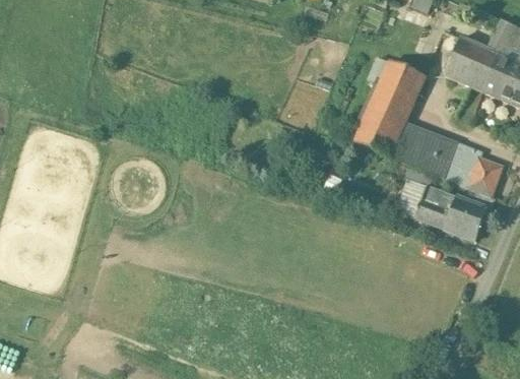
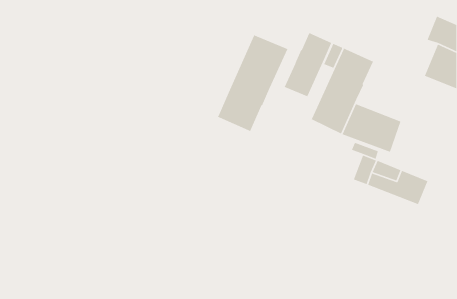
building: [443,39,497,91] -> none
building: none -> [283,32,333,98]
building: none -> [216,34,289,132]
building: [444,142,503,195] -> none

